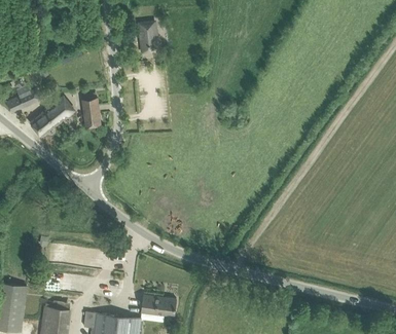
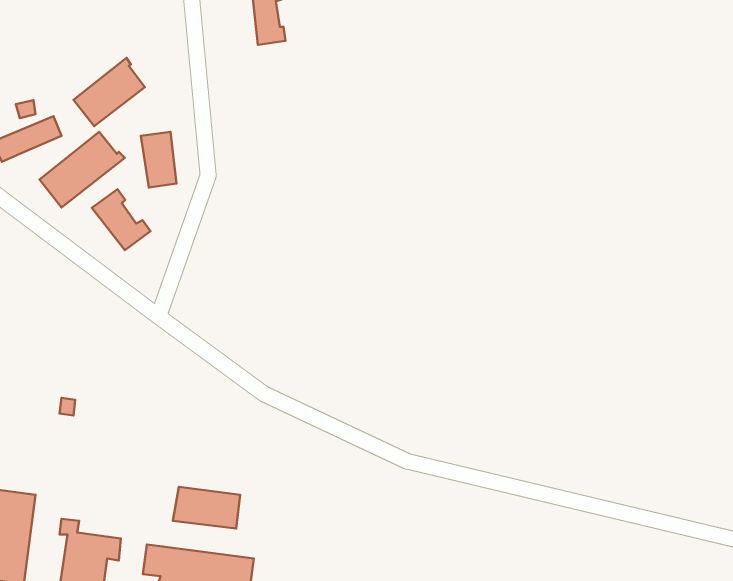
building: none -> [73,58,145,126]
building: none -> [92,189,150,250]
building: [140,296,175,318] -> [173,487,240,529]

